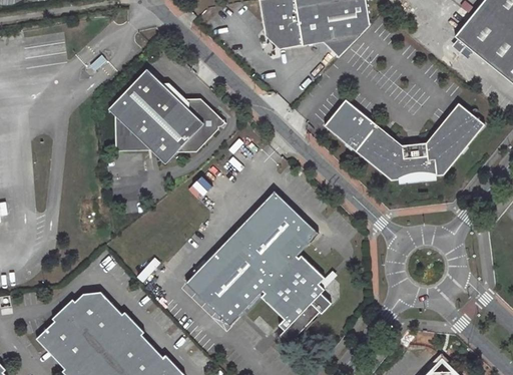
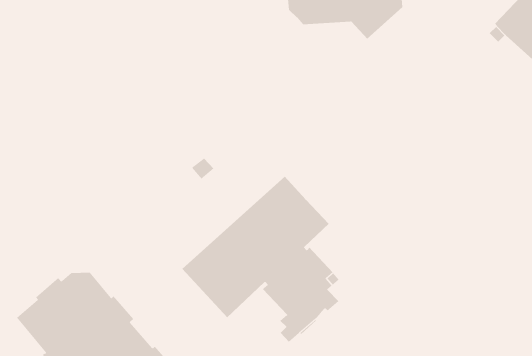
building: [109,69,218,163] -> none
building: [324,98,484,180] -> none

